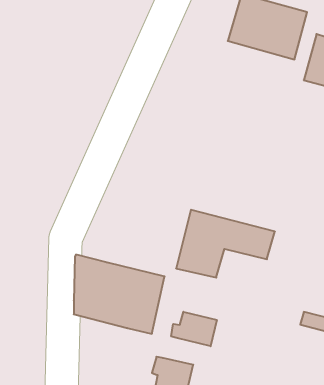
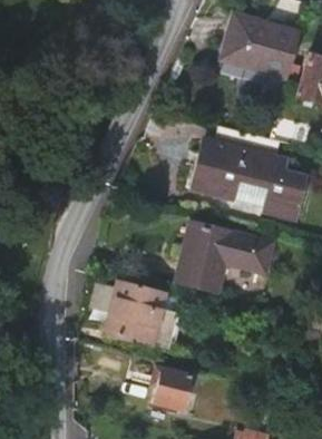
building: none -> [191,127,308,222]
building: [171,312,217,346] -> none

